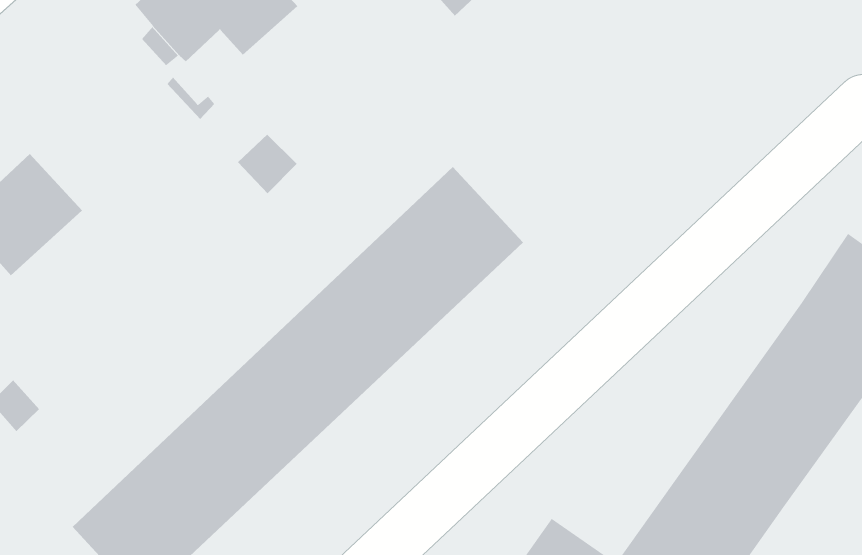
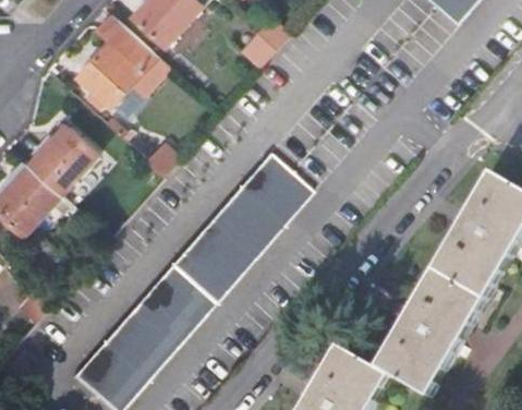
building: none -> [27,128,96,197]

